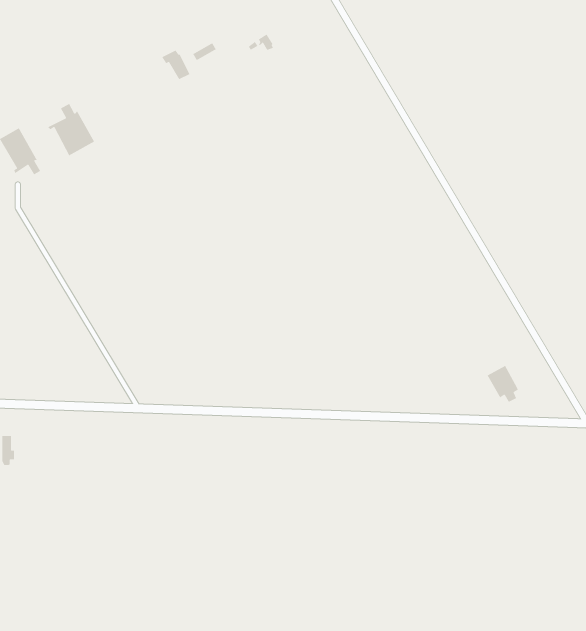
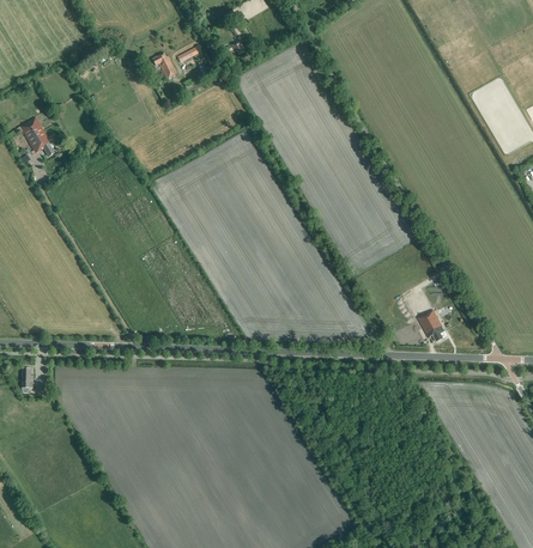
building: [47,103,95,157] -> none

